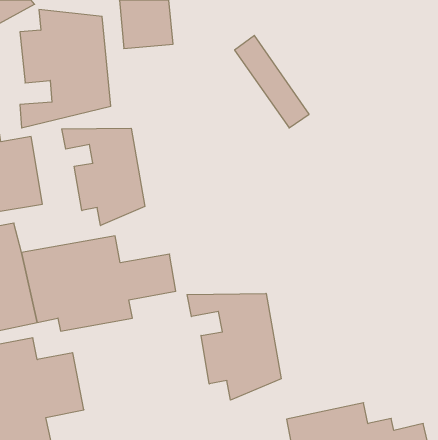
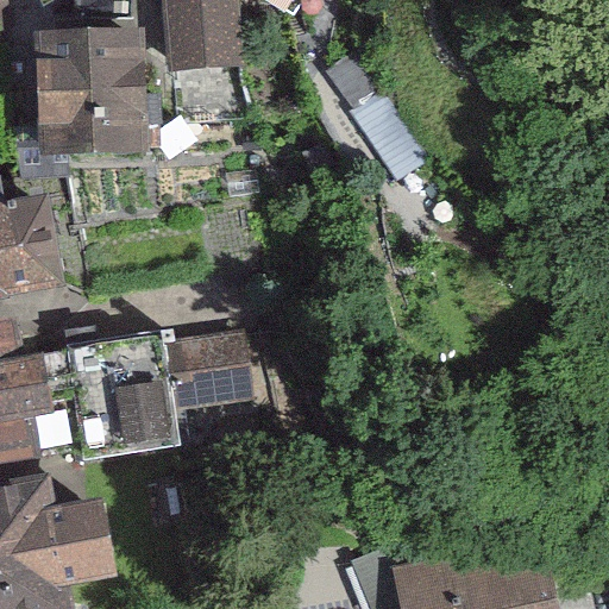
building: [62,128,145,226] -> none
building: [187,293,281,400] -> none

